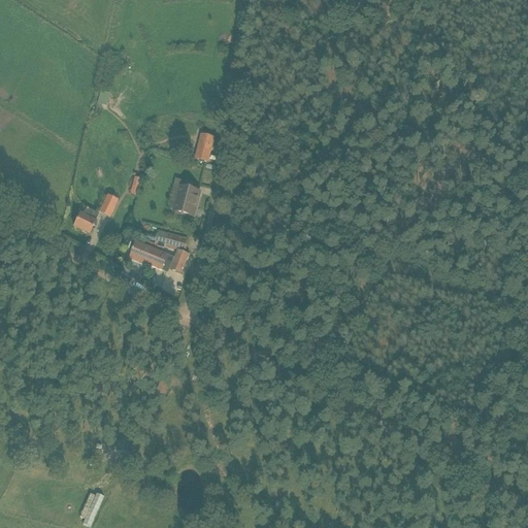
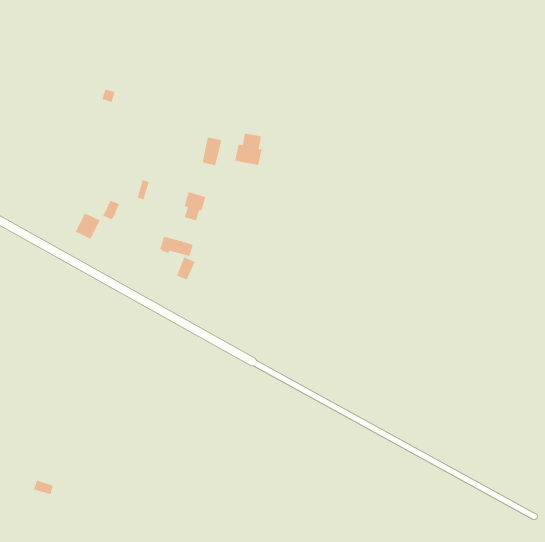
building: none -> [235,133,262,166]
building: [130,240,166,267] -> none

